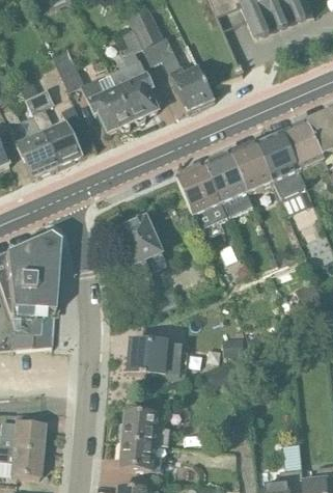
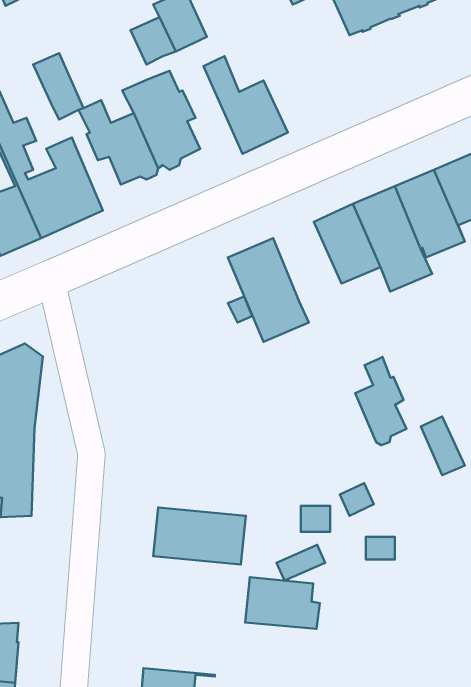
building: [205,155,249,206] -> none
building: [117,213,166,282] -> none
building: none -> [355,357,406,445]
building: [122,411,170,444] -> [245,577,320,629]

